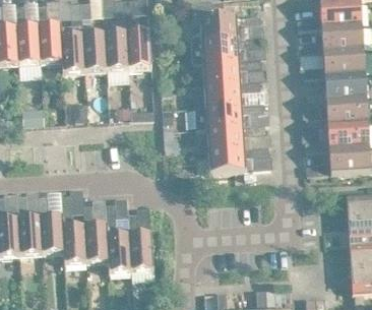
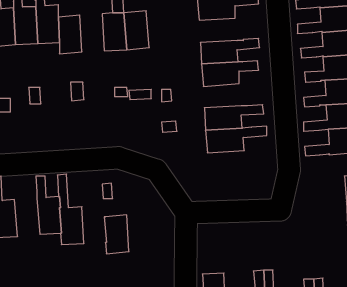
building: [83,34,108,71] -> none
building: [202,37,260,62] -> none
building: [195,102,264,128] -> none
building: [17,194,44,255] -> none
building: [84,203,110,262] -> none
building: [128,211,154,270] -> none

